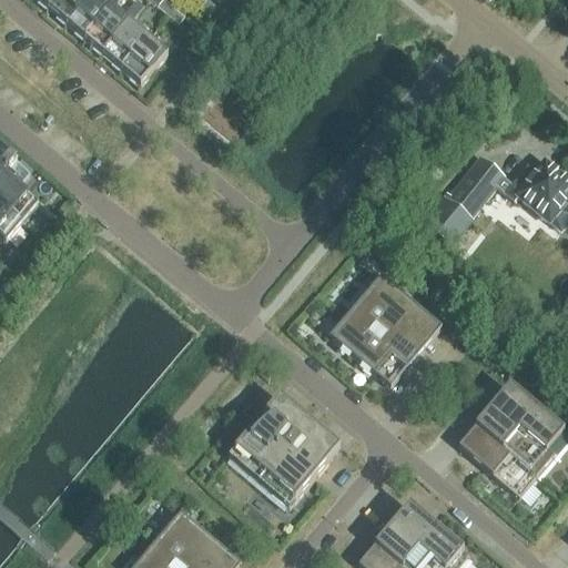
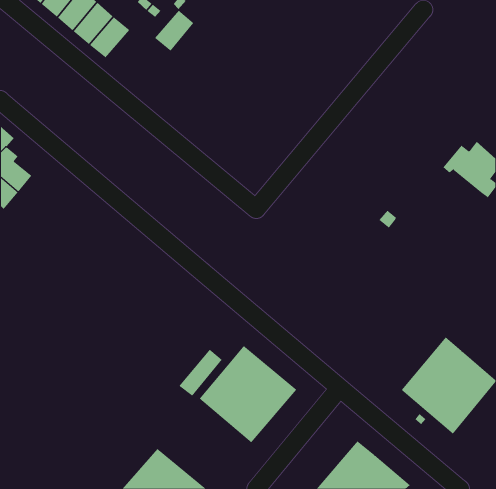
building: [121,34,166,82] -> [154,10,194,52]
building: [426,154,510,241] -> none
building: [329,274,440,386] -> none
building: none -> [179,349,222,397]

